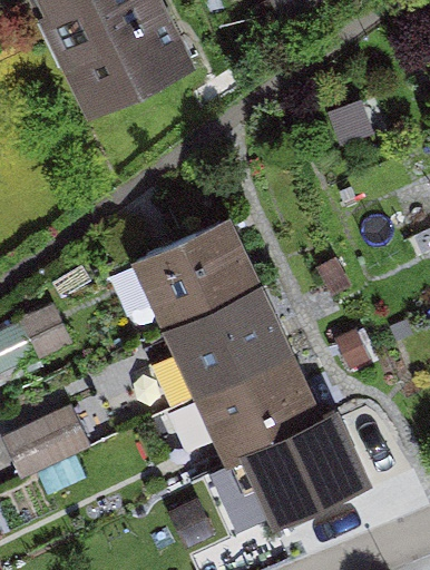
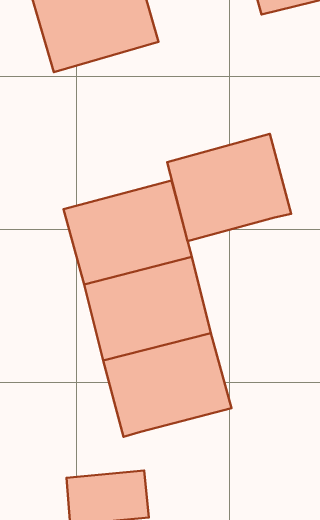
building: none -> [167,134,291,241]
building: [236,410,365,521] -> none

